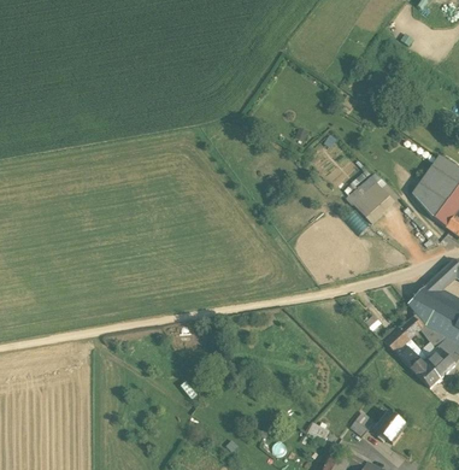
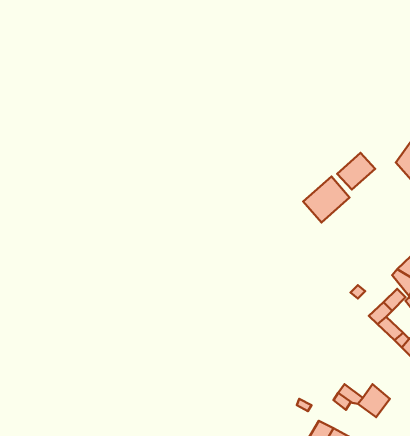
building: none -> [303,176,350,223]

